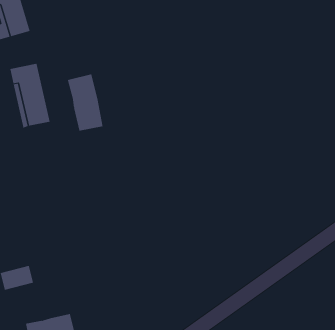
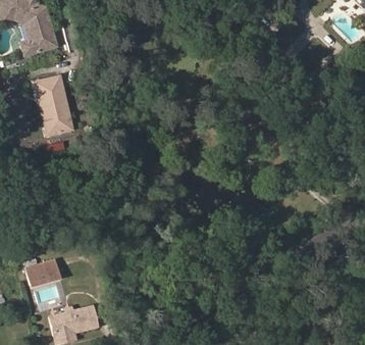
building: [67,73,103,131] -> none

